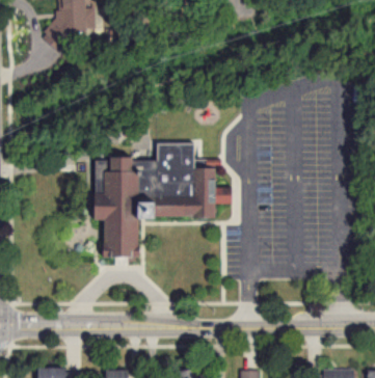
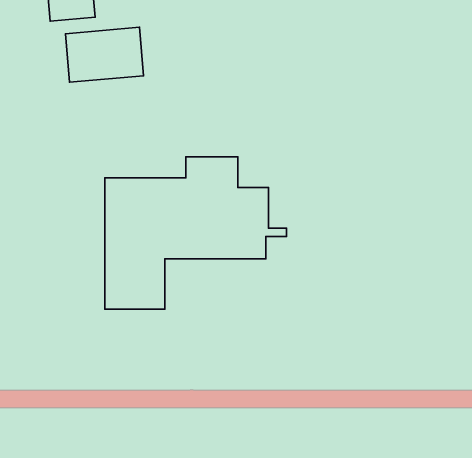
building: none -> [66,27,144,82]

